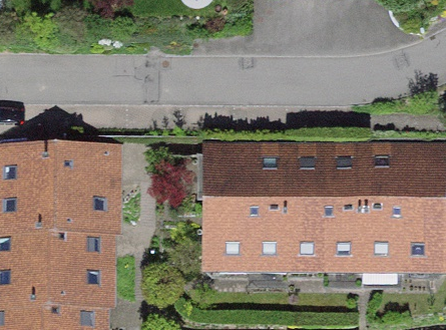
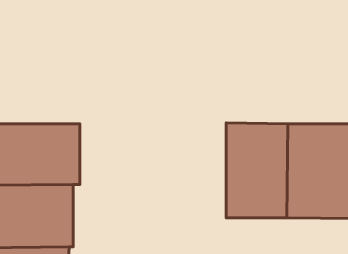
building: [211,153,287,268] -> none

